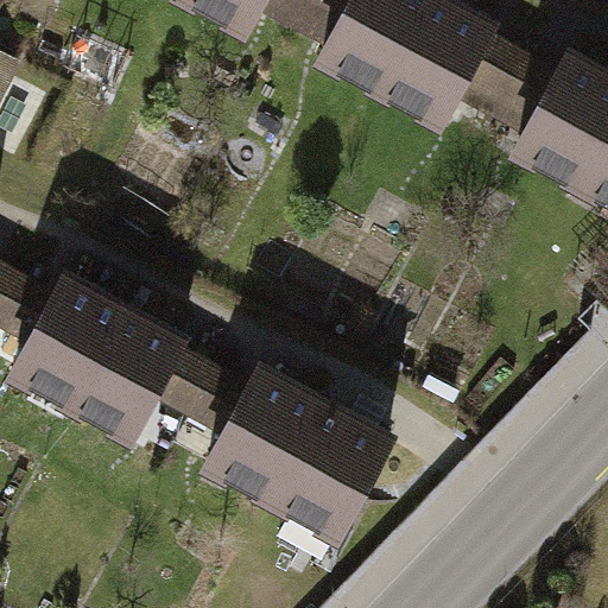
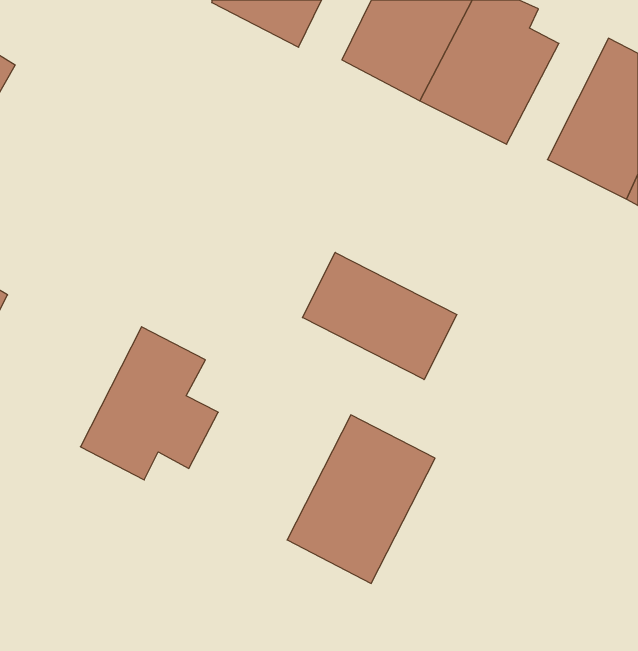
building: none -> [302,252,457,380]
building: [6,271,132,417] -> none
building: [200,353,327,504] -> none

